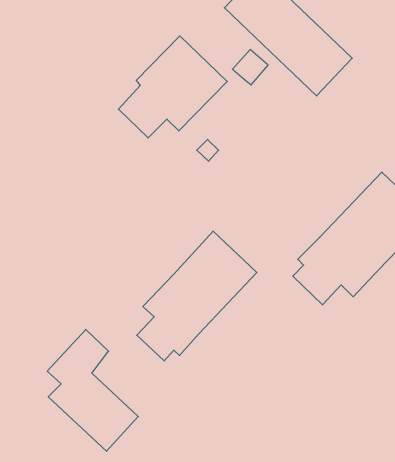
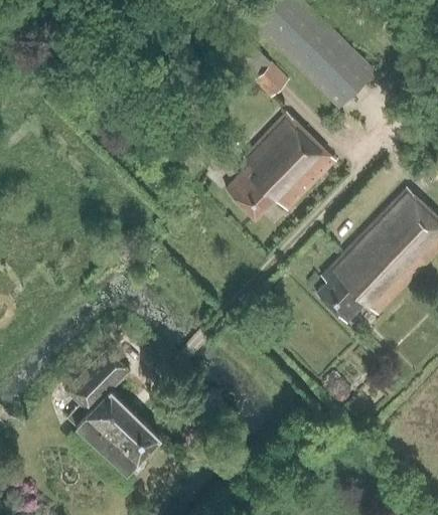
building: [118,36,227,138] -> [225,114,335,217]
building: [137,231,257,361] -> none

